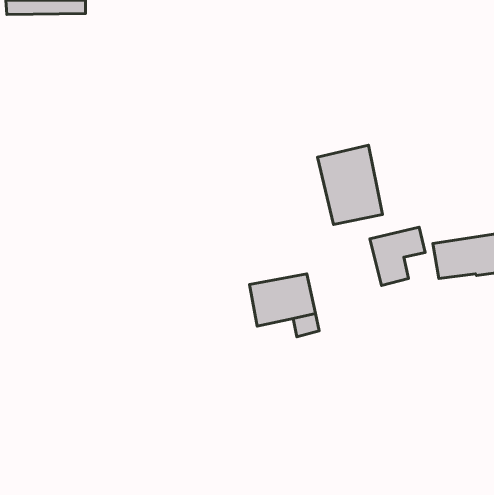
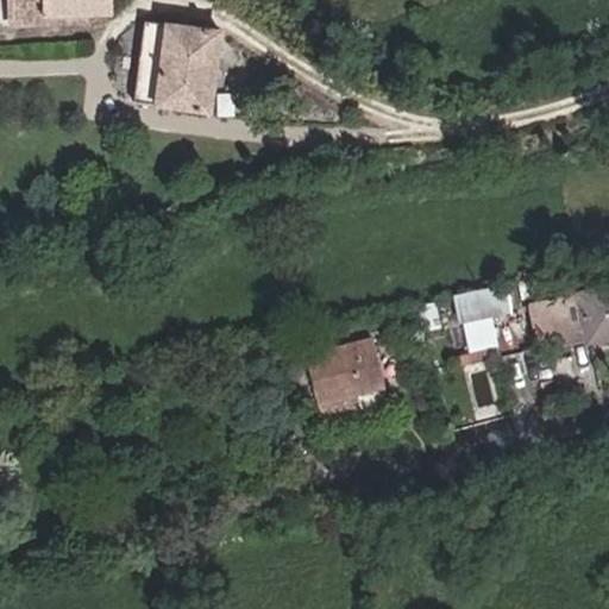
building: none -> [134,25,218,114]
building: [318,145,383,225] -> none

